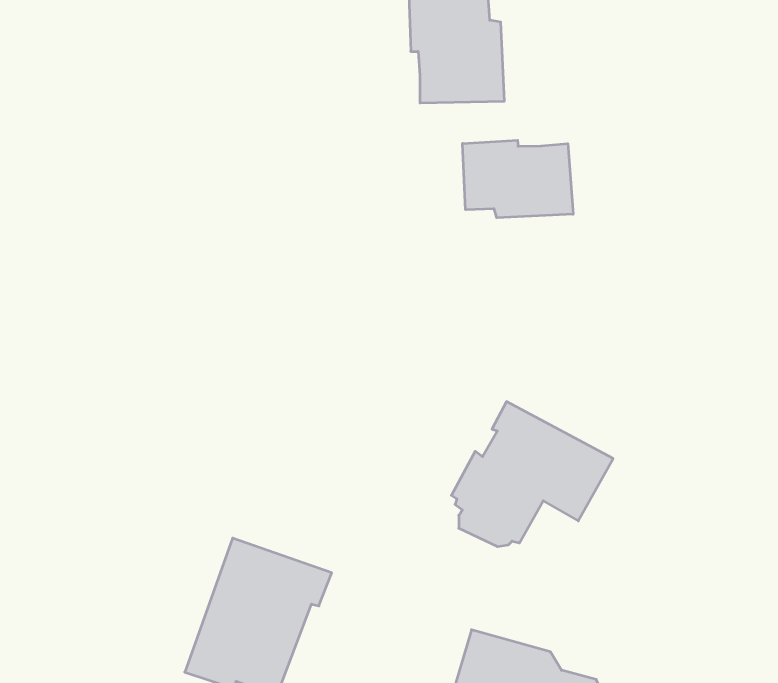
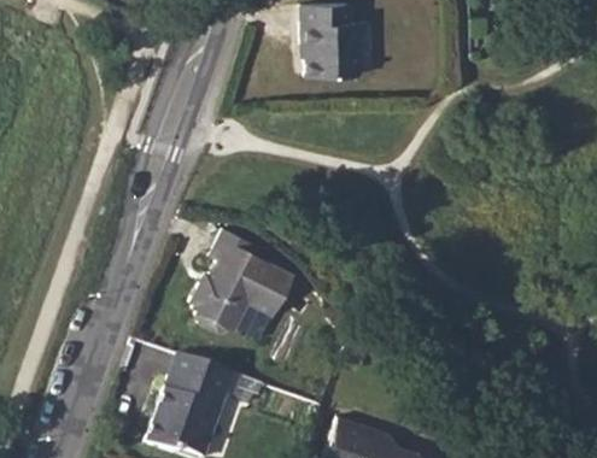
building: [463,140,573,218] -> none
building: [451,402,613,547] -> [189,239,295,334]

